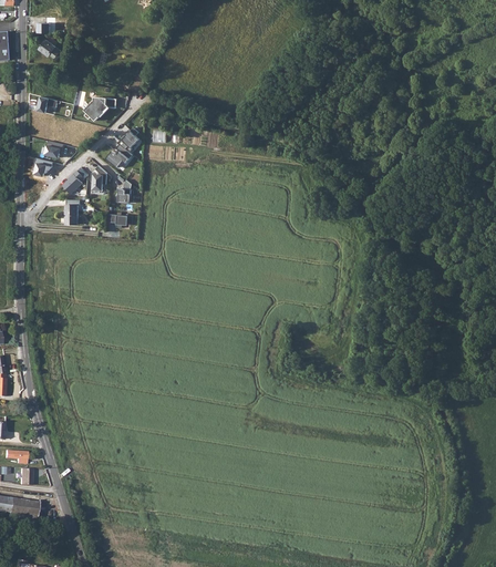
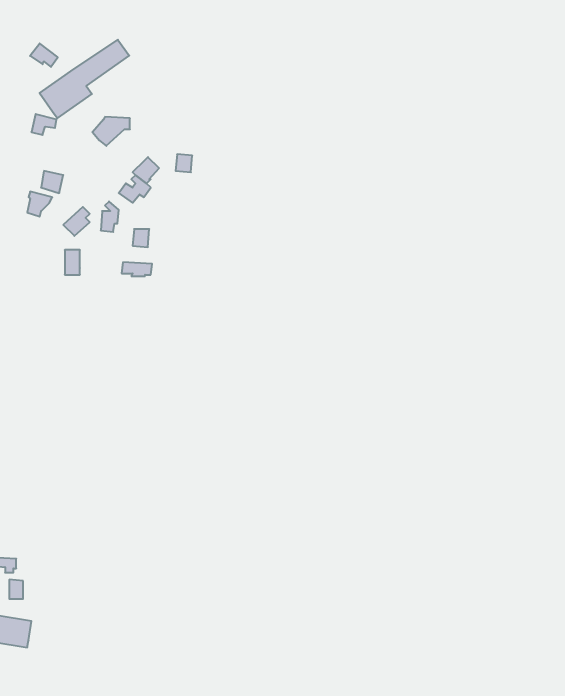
building: none -> [40,40,129,118]

